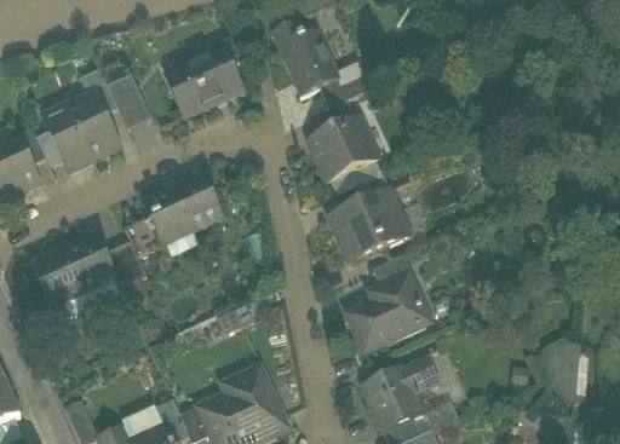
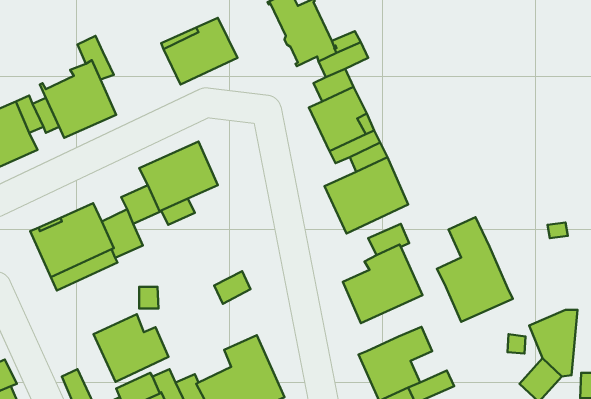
building: [107,71,153,128] -> none
building: none -> [437,217,513,322]
building: none -> [94,314,168,382]

